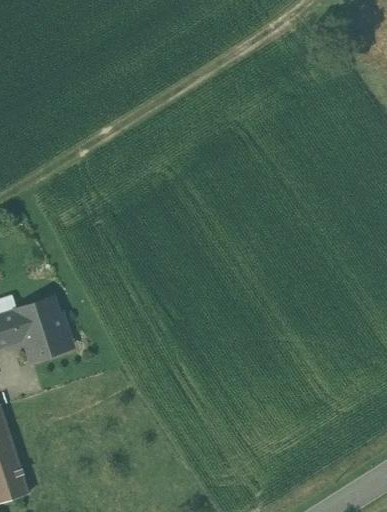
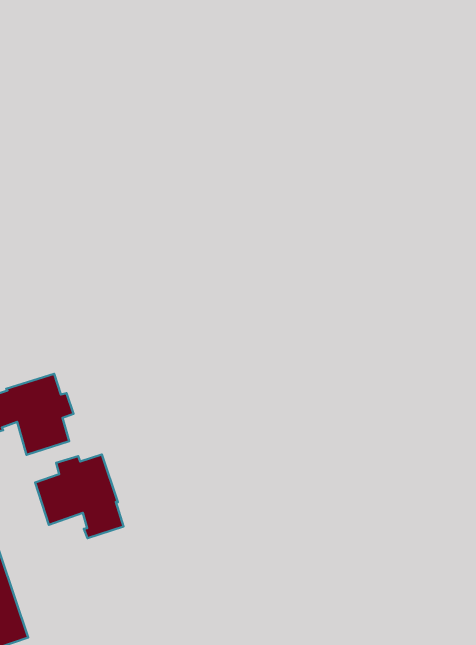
building: none -> [35,455,123,538]

